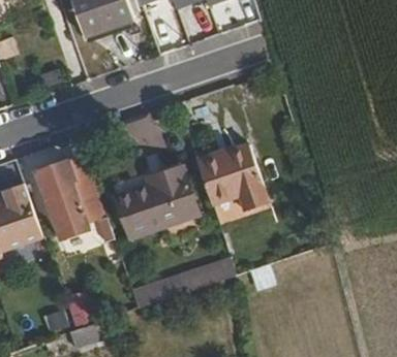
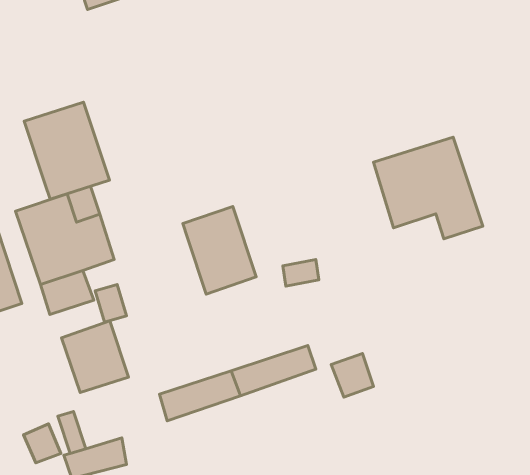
building: none -> [24,102,109,199]
building: [198,145,271,213] -> [373,137,483,239]
building: [119,188,163,235] -> [61,321,129,393]

